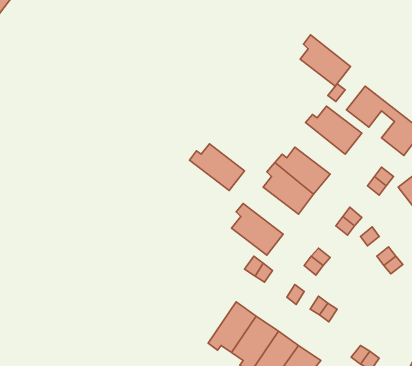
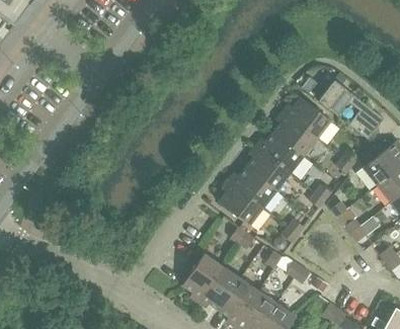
building: [300,35,350,86] -> [272,111,316,156]
building: [189,144,245,191] -> [228,167,275,208]
building: none -> [181,253,222,302]

